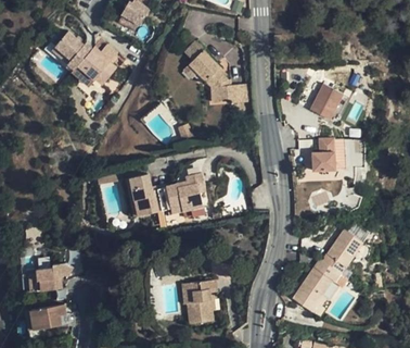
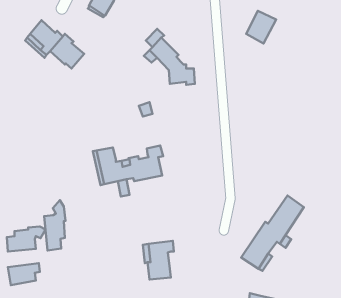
building: [310,83,344,120] -> [246,11,276,43]
building: [312,138,336,171] -> none
building: none -> [44,200,66,250]

